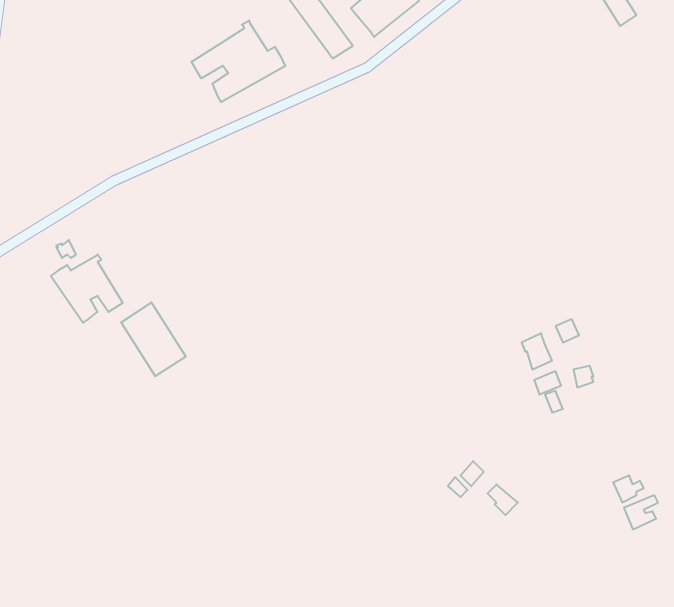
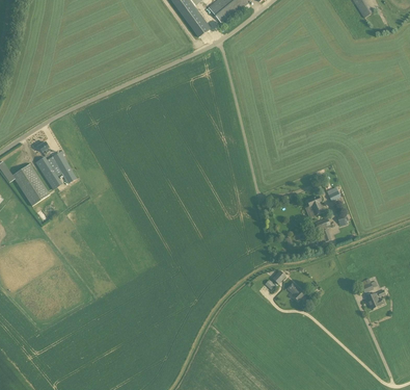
building: [191,20,285,102] -> none
building: [121,303,186,376] -> [11,162,49,205]

